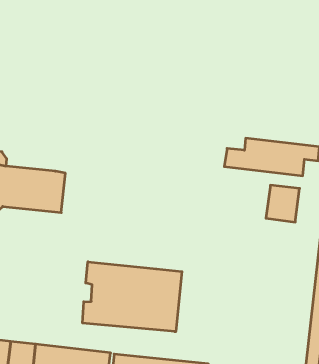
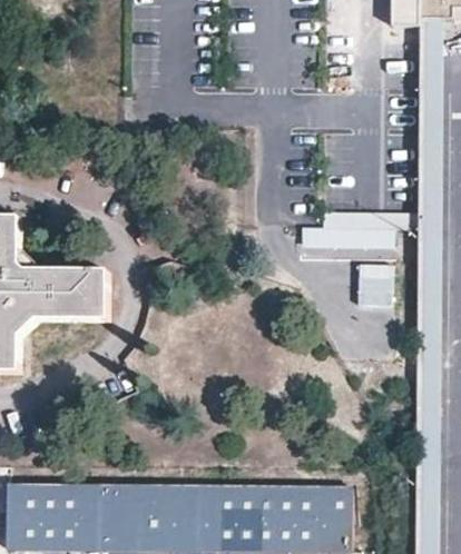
building: [83,262,182,332] -> none

